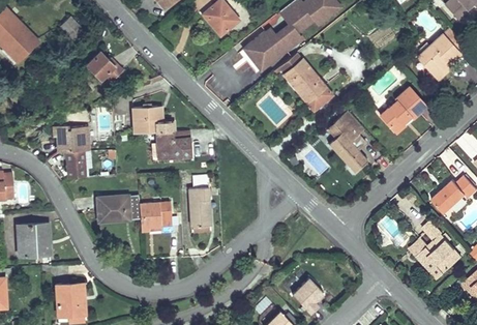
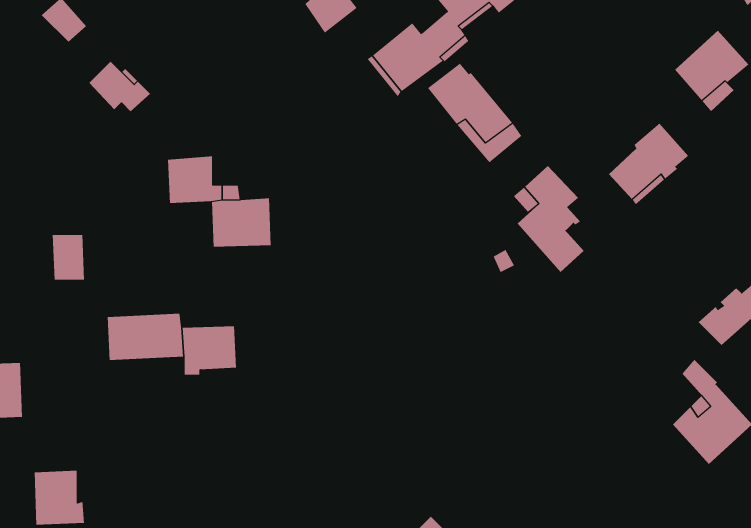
building: [57,125,89,151] -> none
building: [189,174,210,227] -> none
building: [292,275,323,311] -> none

